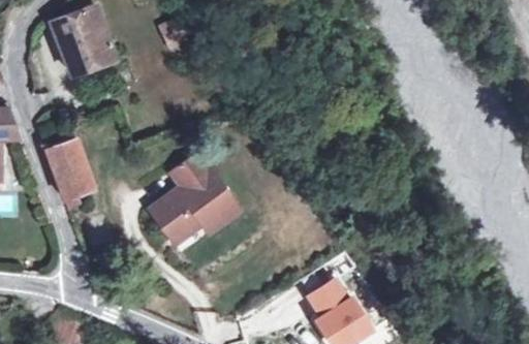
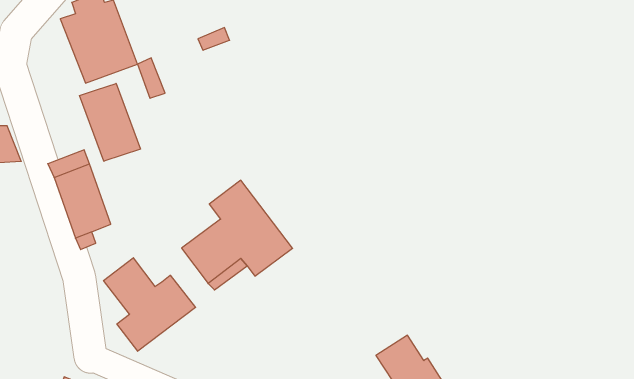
building: none -> [79,83,141,161]
building: none -> [104,258,196,351]

